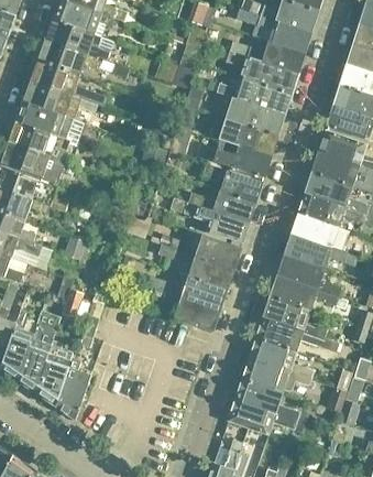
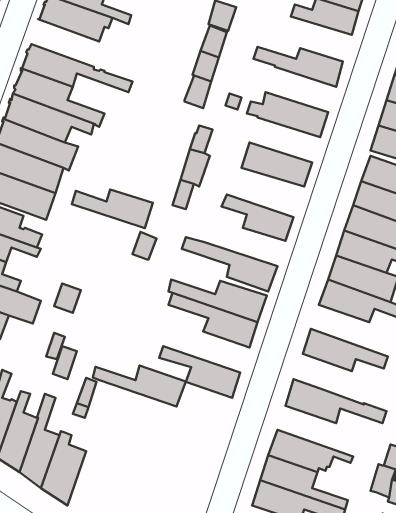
building: [235,8,310,52] -> none
building: [45,17,113,58] -> none
building: [226,50,297,94] -> none
building: [226,98,284,135] -> none
building: [213,140,271,176] -> none
building: [188,189,255,221] -> [72,190,153,228]
building: [276,253,342,296] -> none
building: [149,275,226,310] -> [93,365,186,407]
building: [262,294,323,336] -> none
building: [249,337,315,379] -> none

